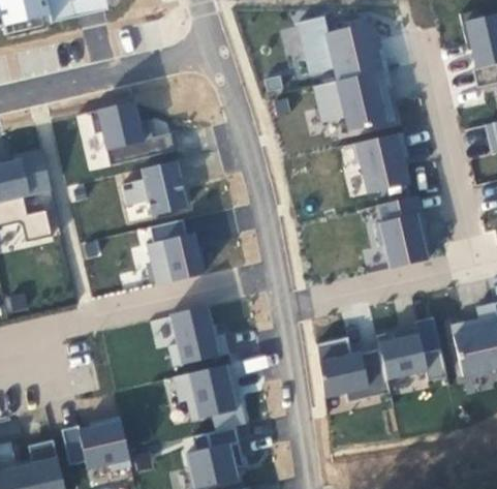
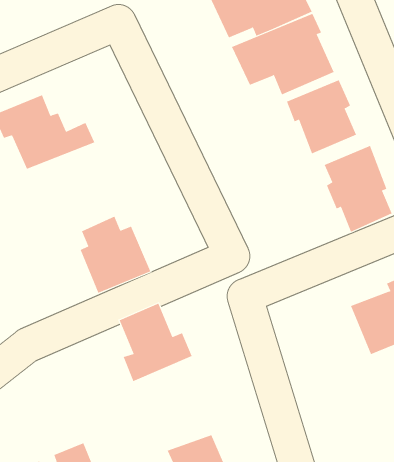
building: [121,160,190,222] -> none
building: [316,336,389,403] -> none
building: [172,363,238,424] -> none

